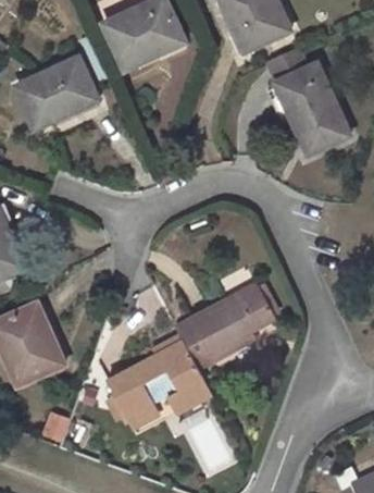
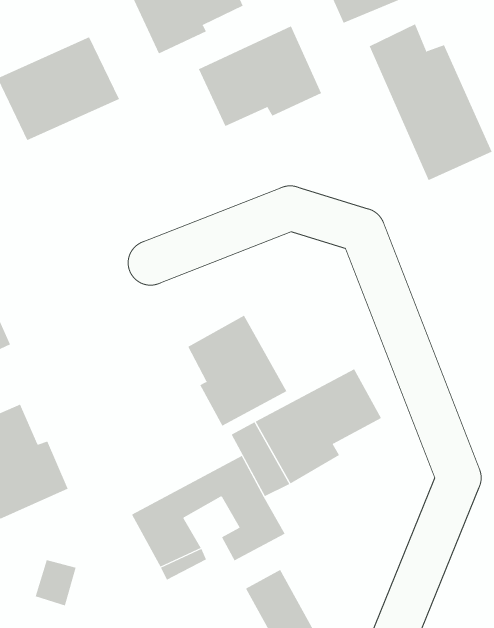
building: none -> [198,25,322,127]
building: none -> [188,315,287,426]

